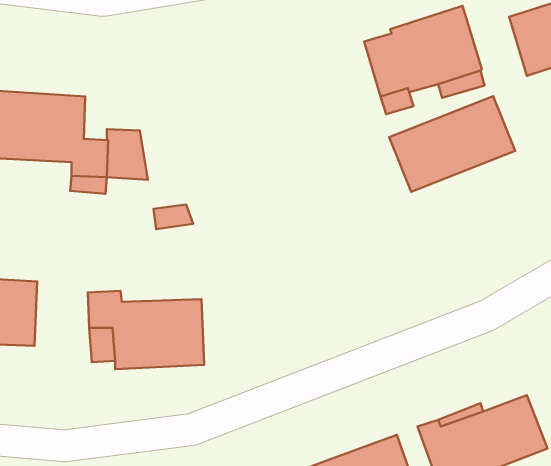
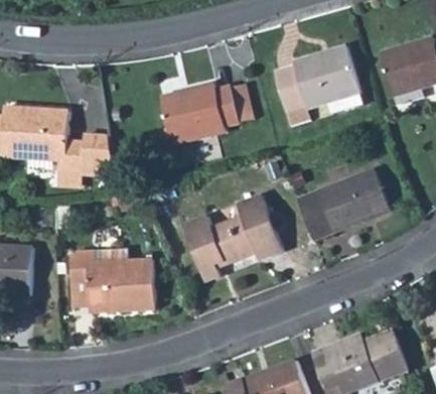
building: none -> [159,84,239,143]
building: [389,96,515,192] -> [296,169,389,240]
building: none -> [181,194,283,280]

